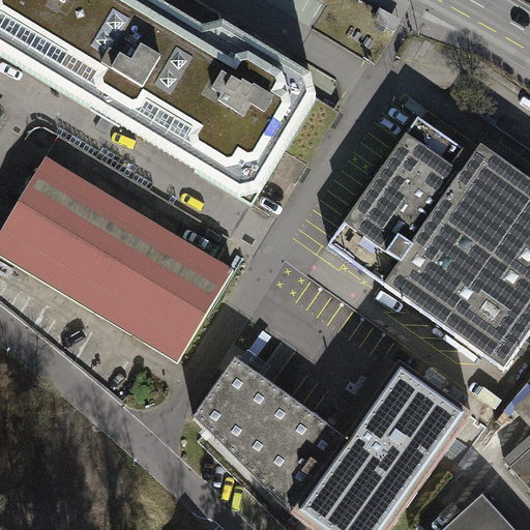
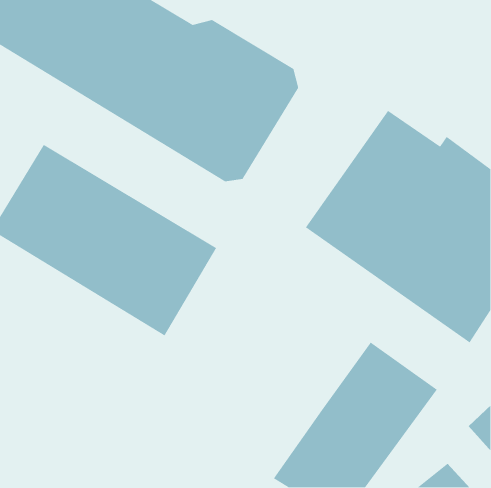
building: [196,360,345,513] -> none

